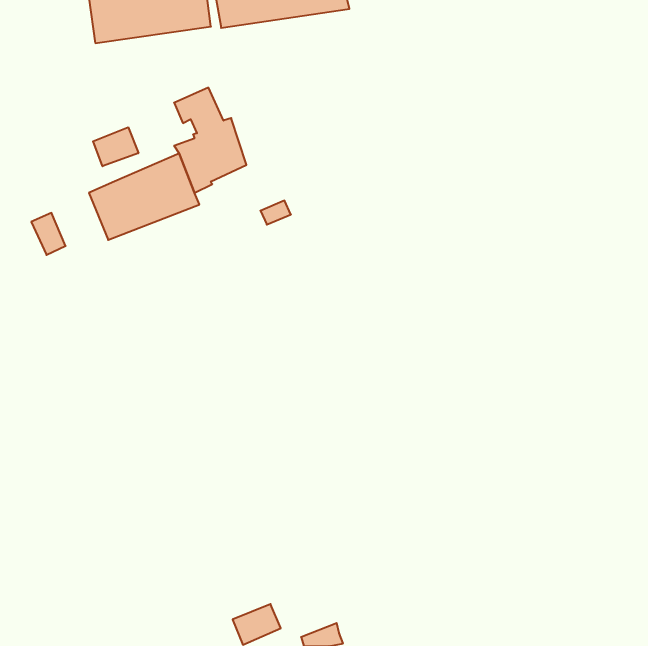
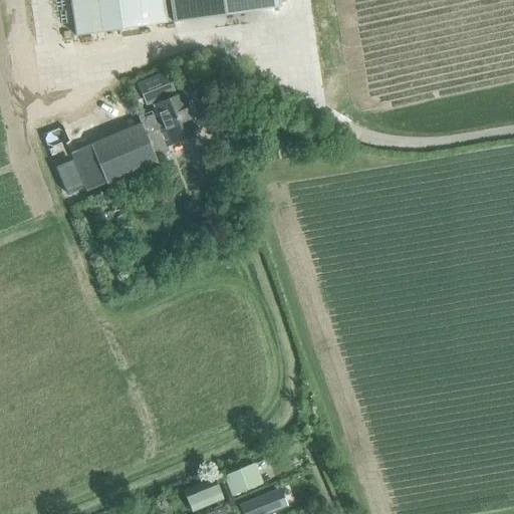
building: [93,127,138,166] -> none
building: [31,213,66,255] -> [55,159,82,192]
building: none -> [226,463,263,493]

